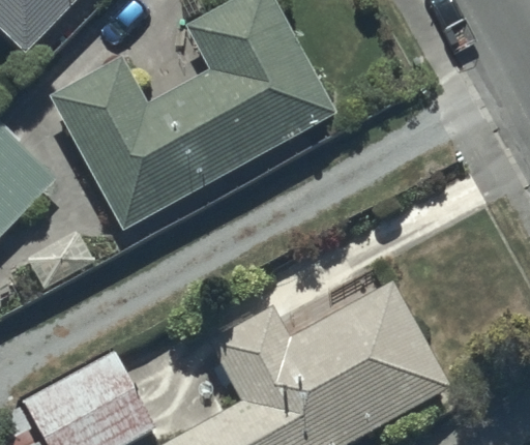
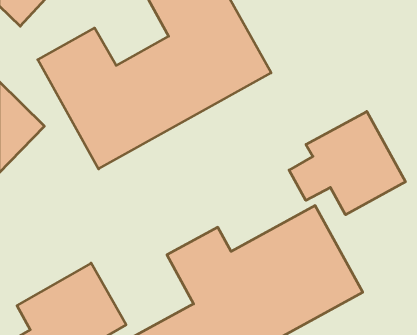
building: none -> [289,111,405,215]

